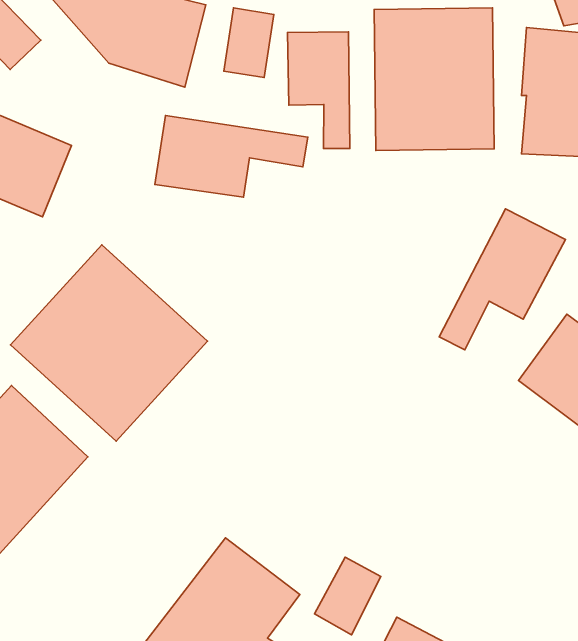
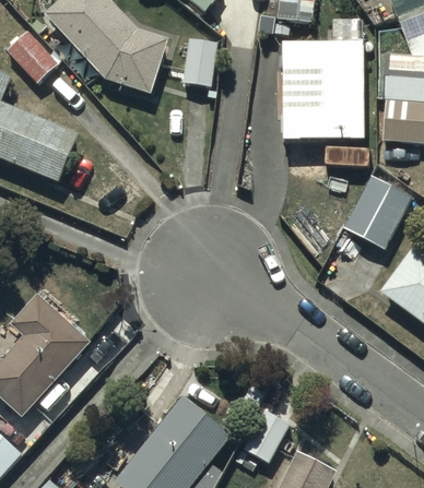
building: [287,32,350,148] -> none
building: [155,115,308,197] -> none
building: [11,245,208,441] -> none

